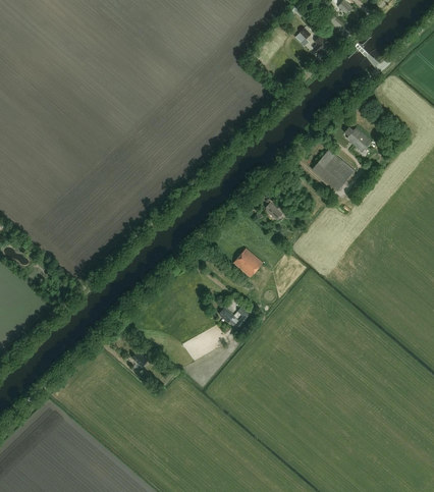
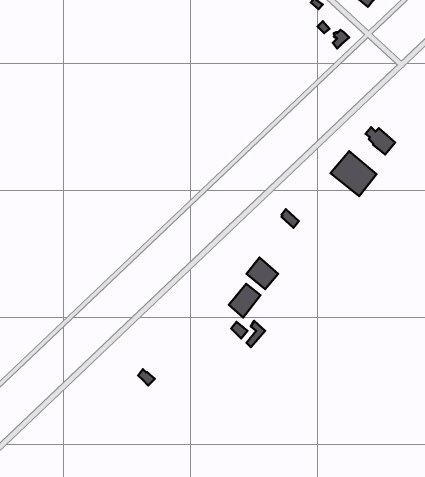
building: none -> [229,284,261,317]

